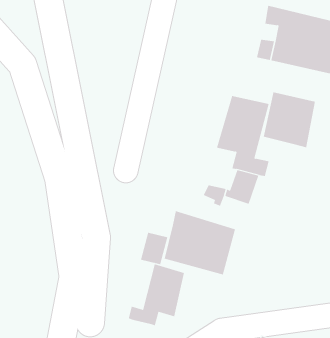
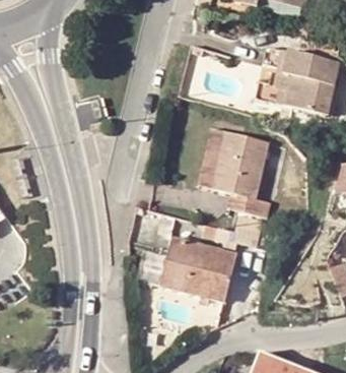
building: [263,92,315,148] -> none
building: [128,263,185,326] -> none

